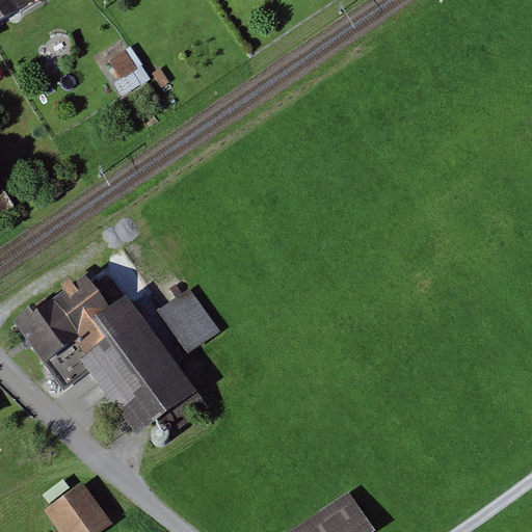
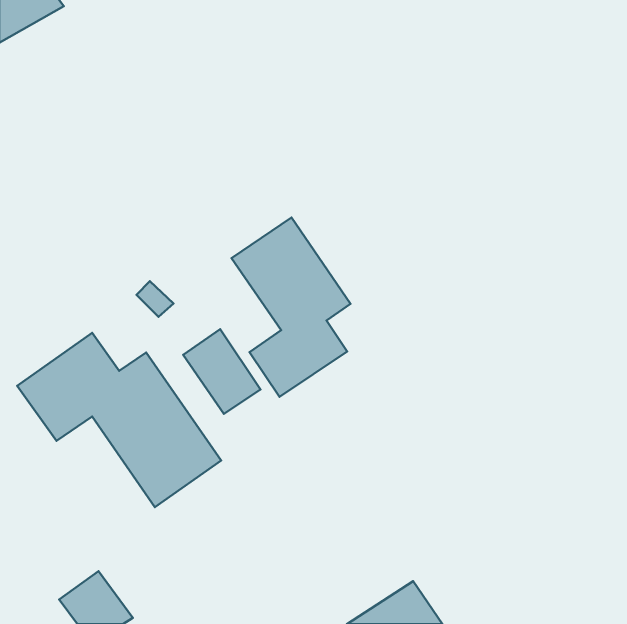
building: [108,47,147,91] -> none
building: none -> [231,218,351,397]

